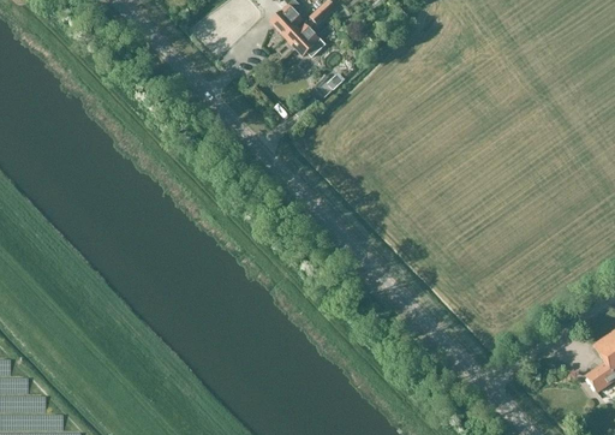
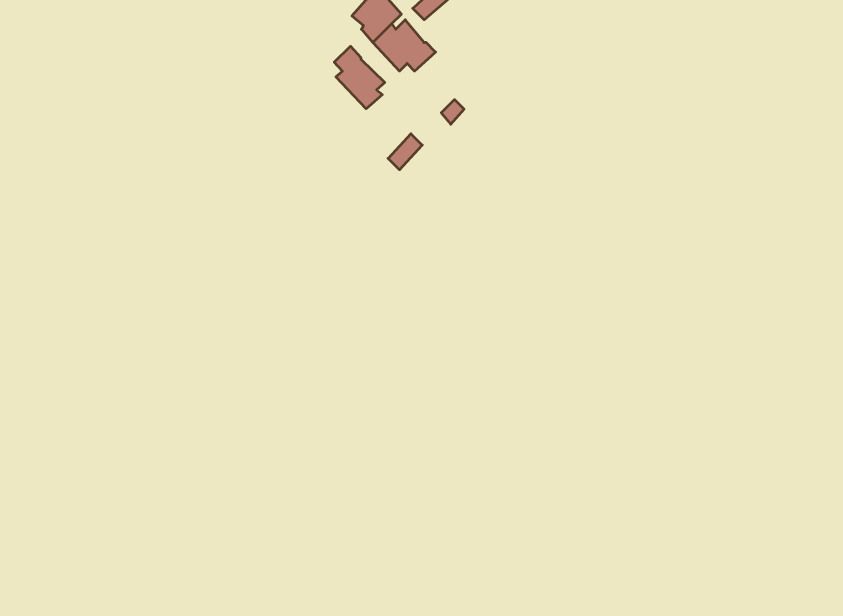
building: none -> [334,46,385,109]

